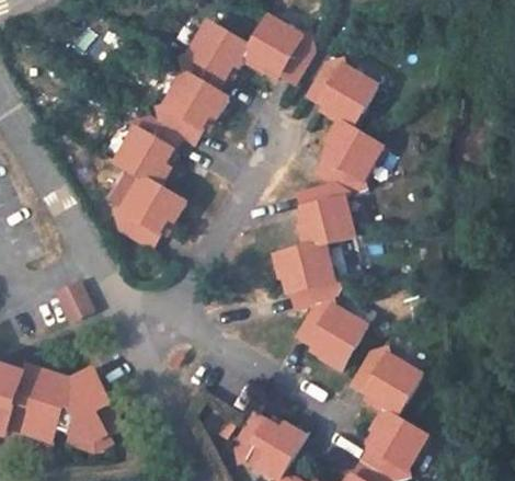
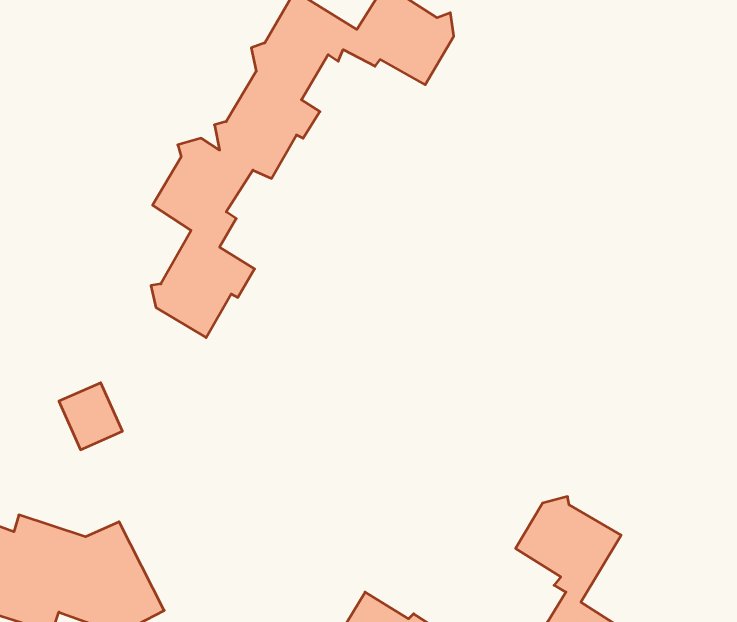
building: [276,59,380,369] -> none

